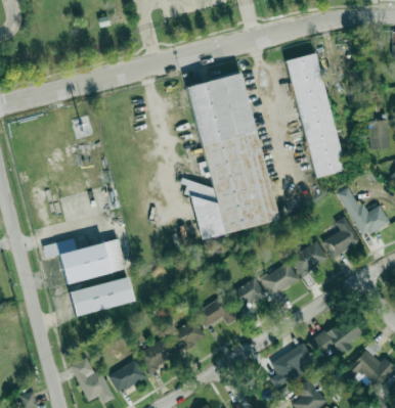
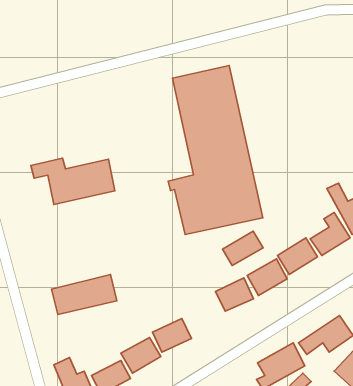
building: [287,52,343,177] -> none
building: none -> [222,231,263,266]
building: [43,238,125,283] -> [31,158,115,204]
building: [196,296,238,327] -> none

